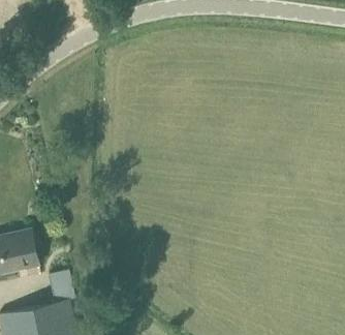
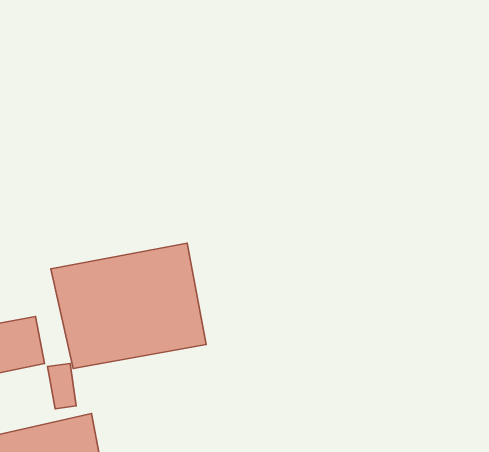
building: none -> [51,243,206,369]

